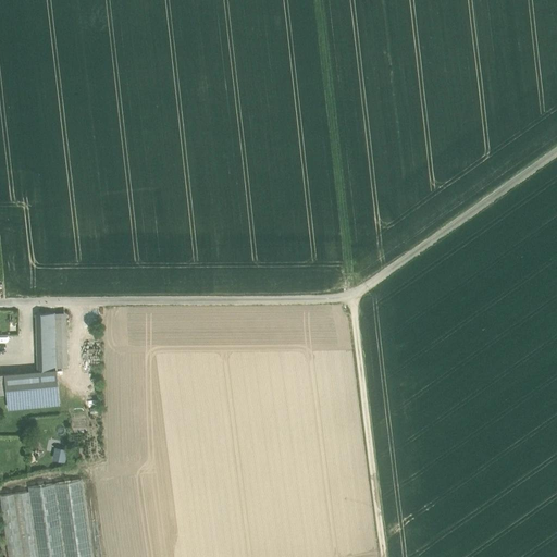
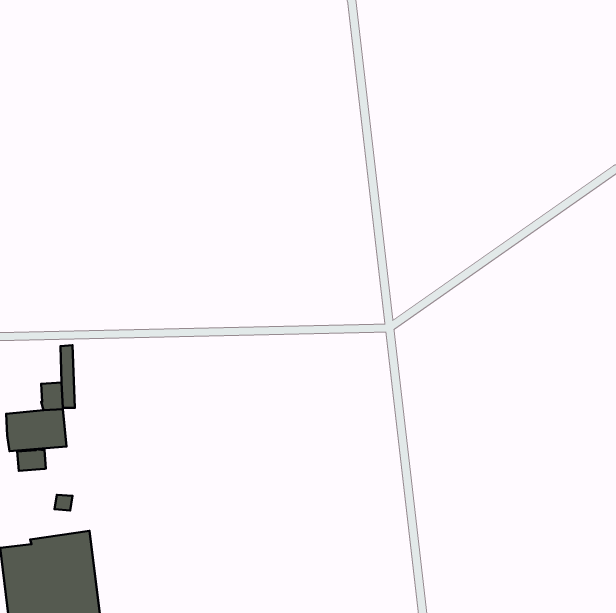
building: [36,315,55,349] -> none
building: none -> [17,449,46,471]

